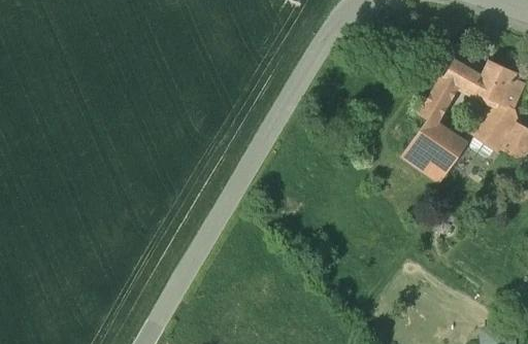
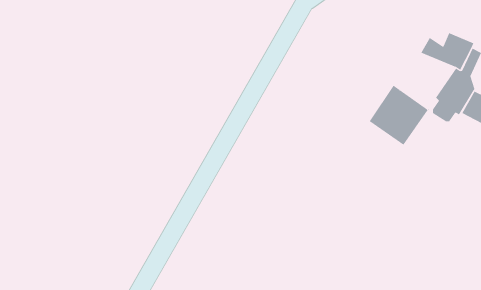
building: [423,59,468,122] -> none

